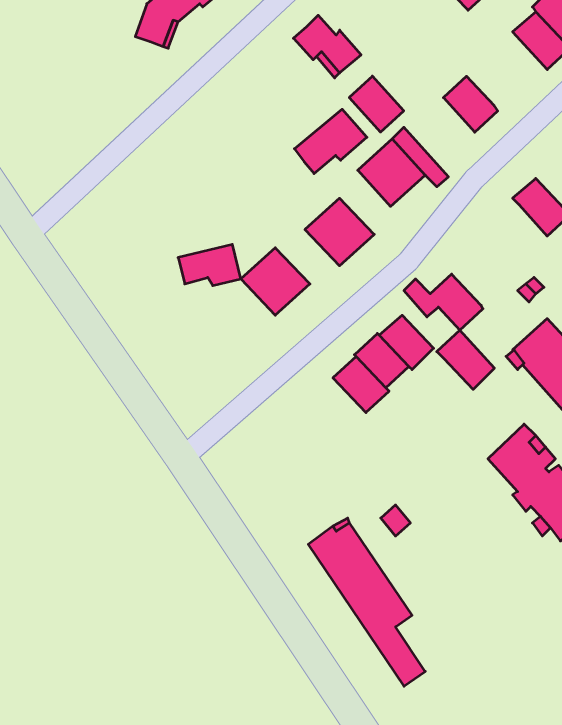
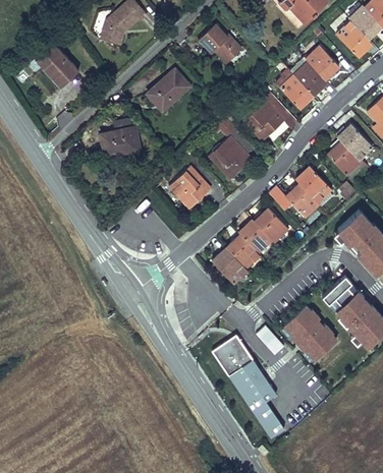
building: none -> [34,37,78,82]
building: none -> [307,46,339,79]
building: [349,76,404,132] -> [280,74,314,109]
building: [294,109,367,174] -> [145,67,189,107]
building: none -> [327,140,361,175]
building: [178,244,241,286] -> [100,124,139,150]
building: [437,330,494,389] -> [295,166,331,202]
building: none -> [213,247,249,284]
building: none -> [283,305,336,360]

